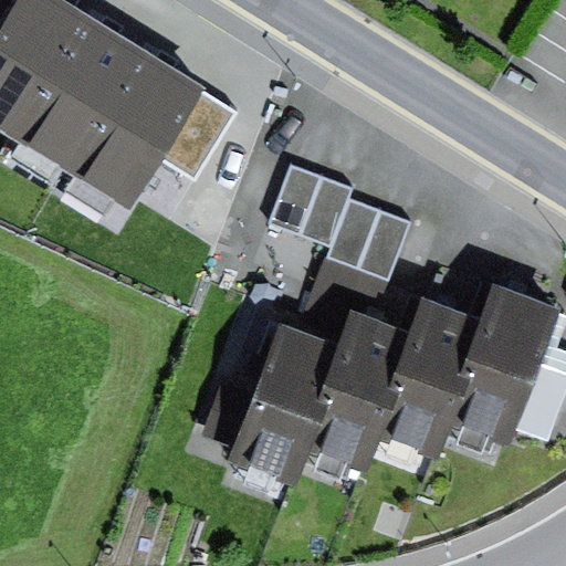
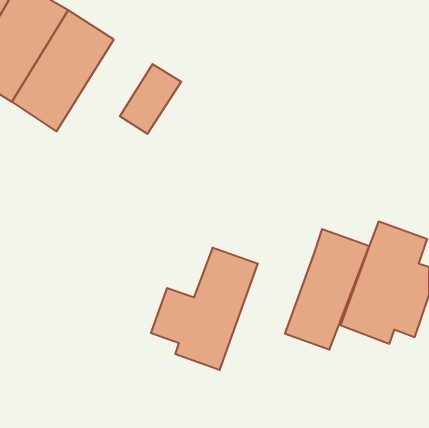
building: [74,52,200,203] -> none
building: [269,165,412,283] -> none
building: [300,310,412,474] -> none

